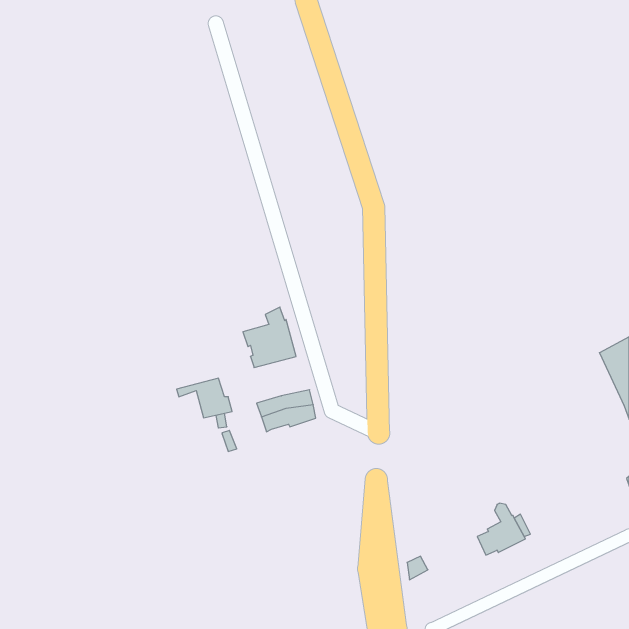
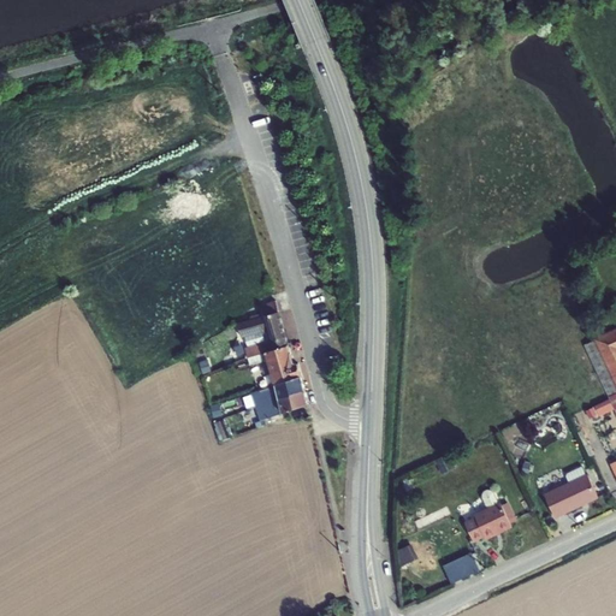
building: [177,378,232,418] -> [248,348,302,386]
building: none -> [544,466,597,516]
building: none -> [442,550,479,582]

